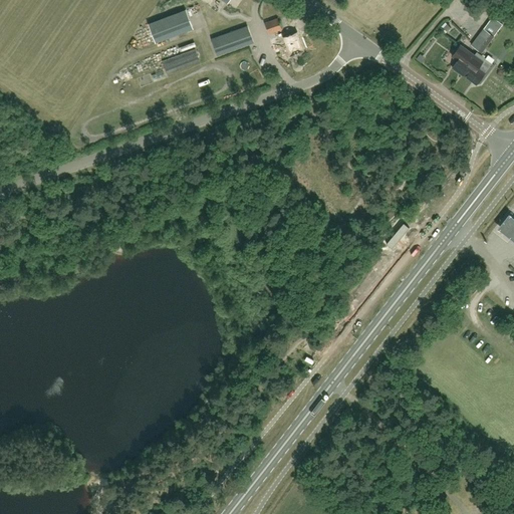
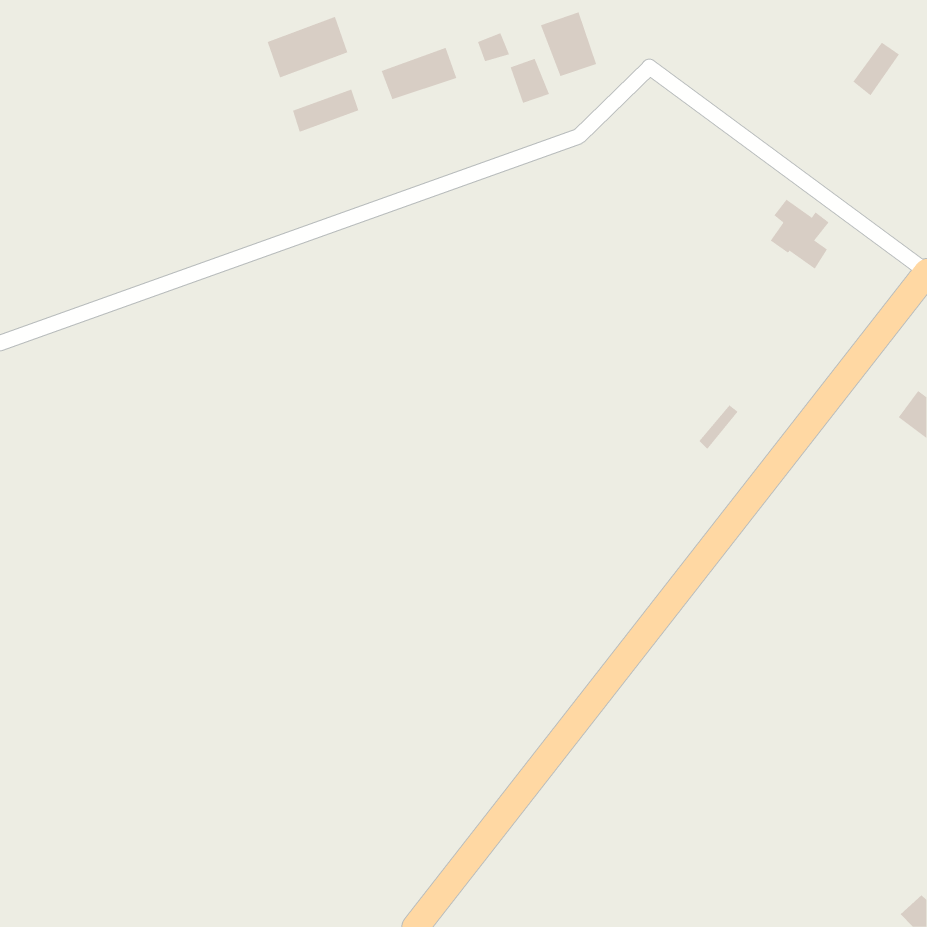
building: none -> [540,11,597,77]
building: [452,45,485,84] -> [770,199,830,270]

